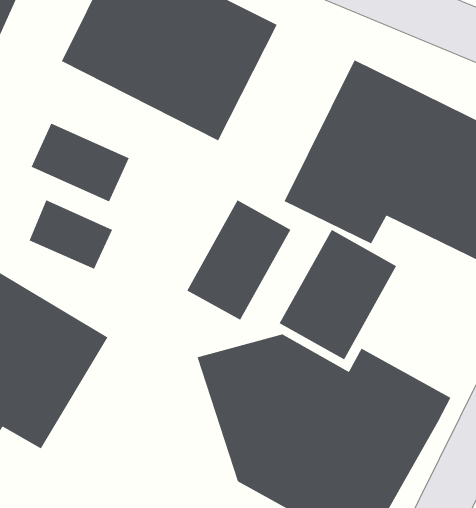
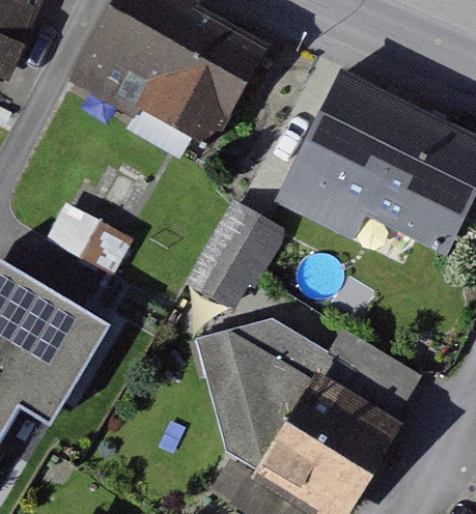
building: [31,123,130,203] -> none
building: [279,229,397,360] -> none

